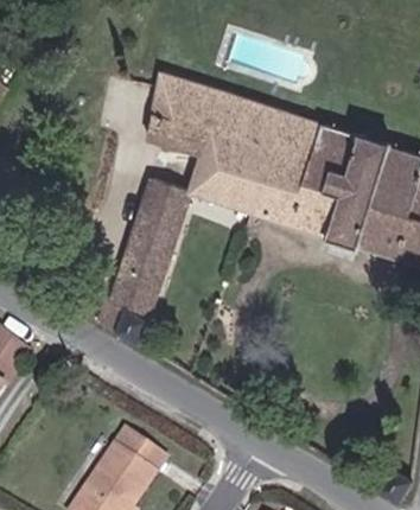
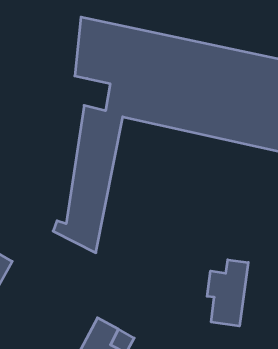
building: none -> [207,260,248,326]

